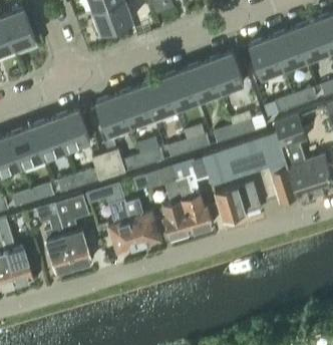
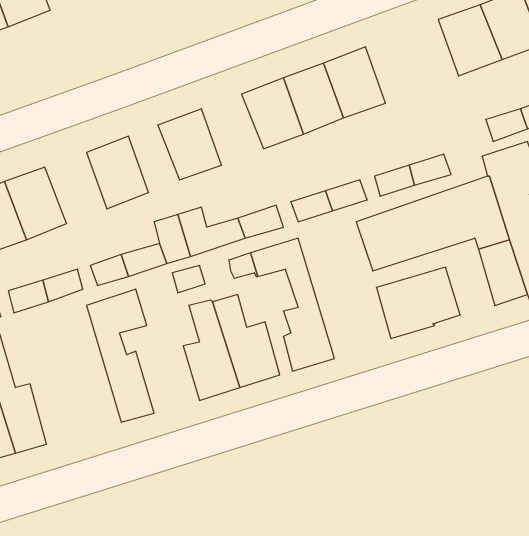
building: [209,53,243,92] -> none
building: [118,87,152,126] -> none
building: [32,119,66,158] -> none
building: [172,157,214,233] -> none
building: [37,204,74,274] -> none

